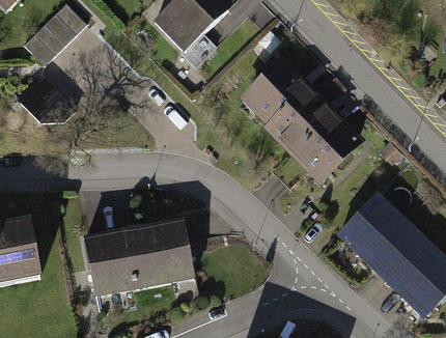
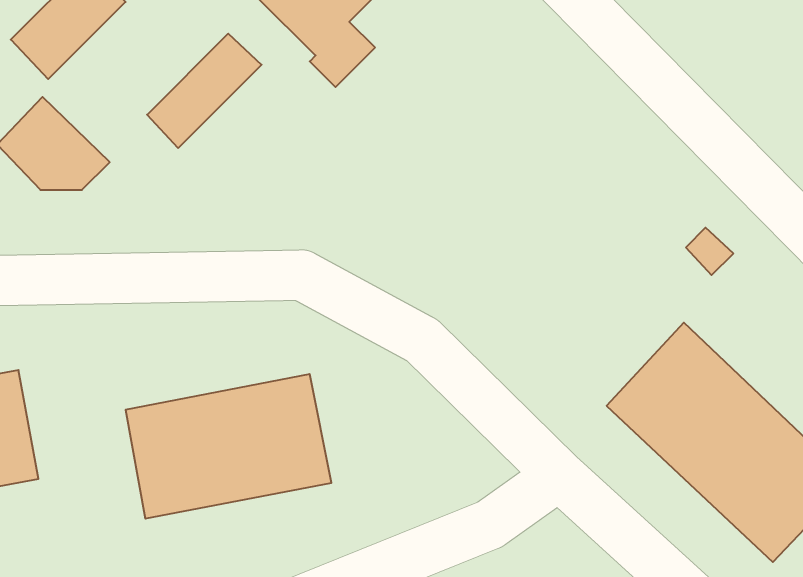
building: none -> [147,34,262,148]
building: [240,59,362,181] -> none

